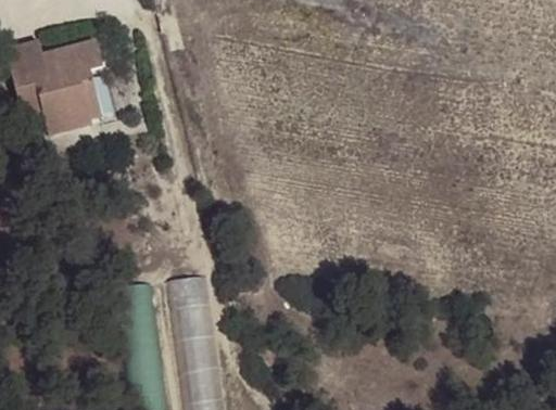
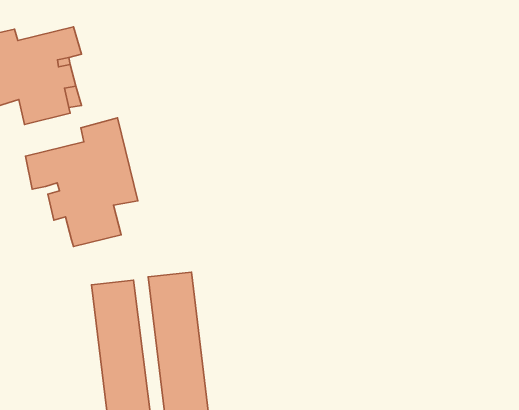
building: none -> [25,118,138,246]

